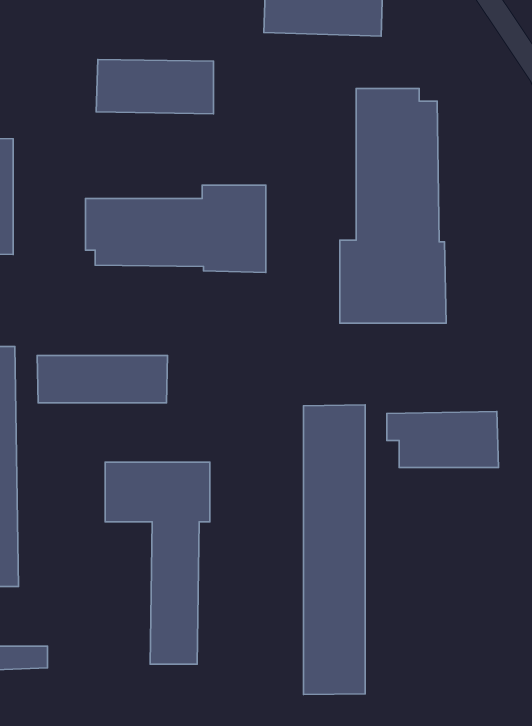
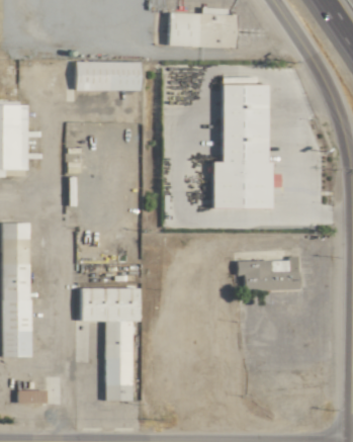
building: [86,185,266,272] -> none
building: [37,356,167,403] -> none
building: [304,405,365,695] -> none

